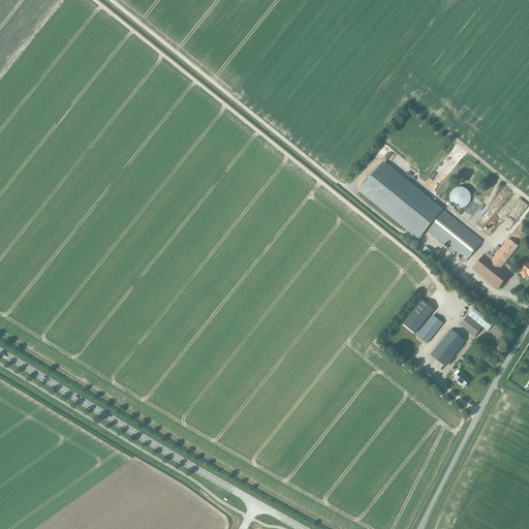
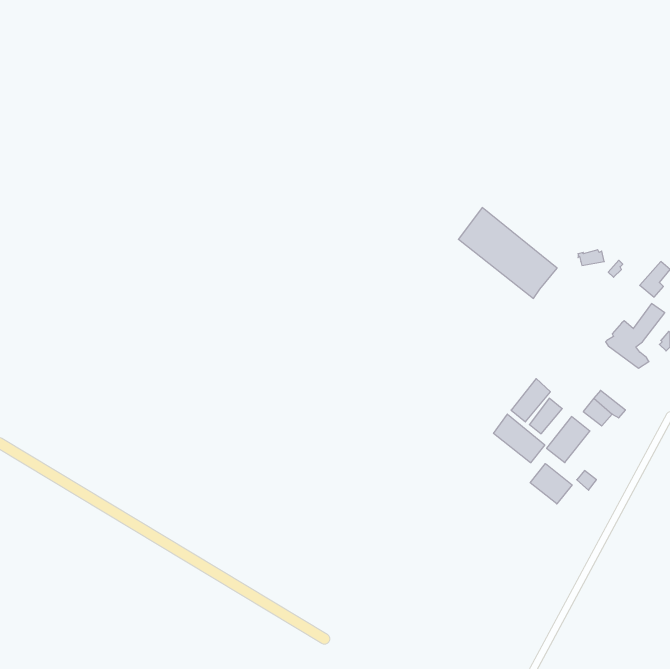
building: [430,214,472,254] -> none
building: none -> [494,414,545,463]
building: none -> [530,464,572,504]

